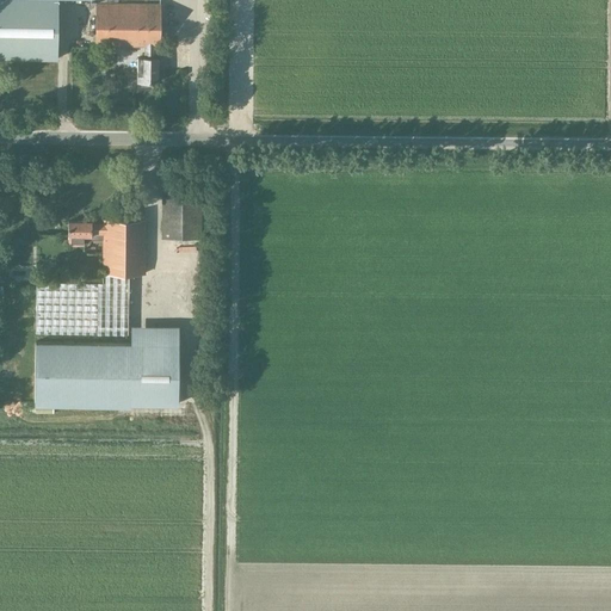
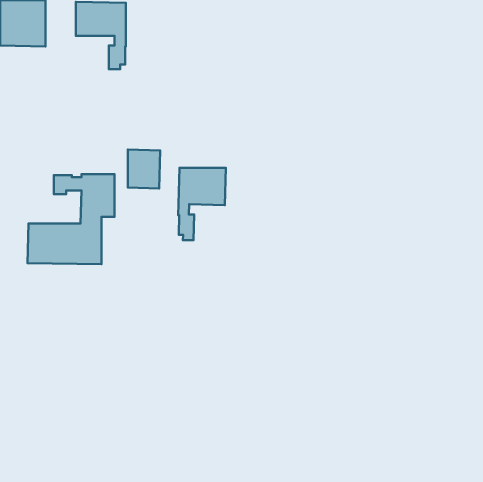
building: none -> [178,168,226,240]
building: [35,327,179,406] -> none

